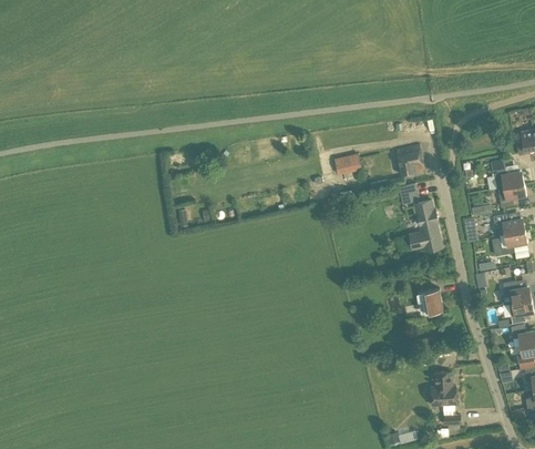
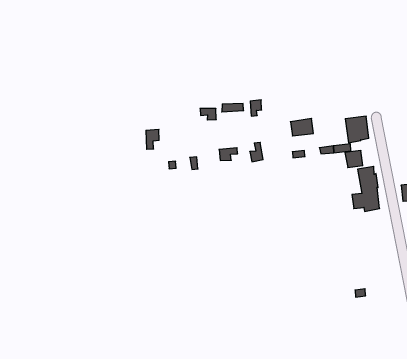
building: [416,289,443,315] -> none
building: [430,374,455,406] -> none

